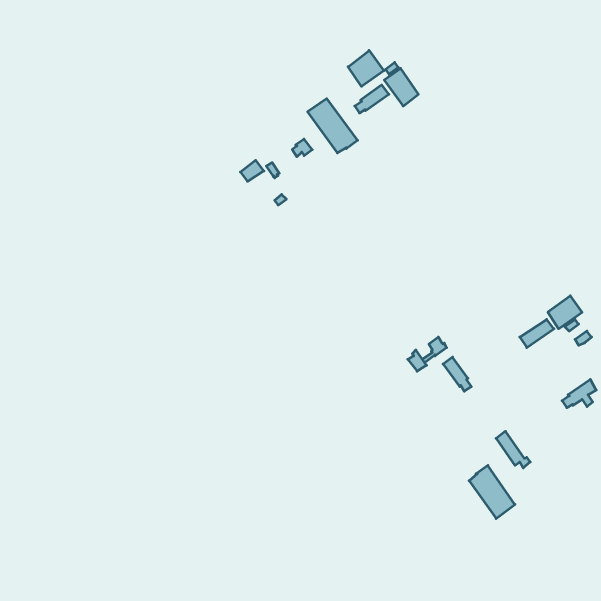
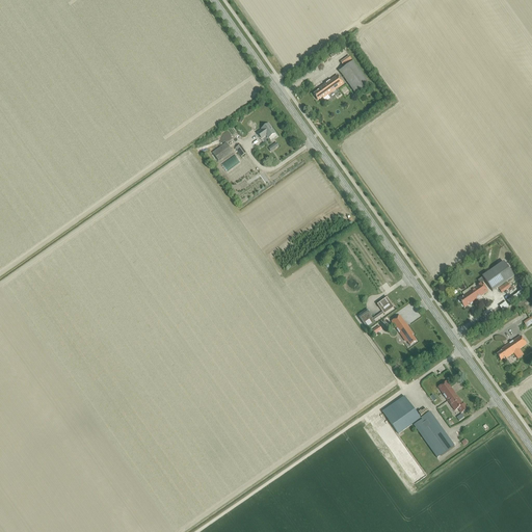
building: [348,50,384,86] -> none
building: [308,99,358,153] -> none
building: none -> [383,396,422,434]

